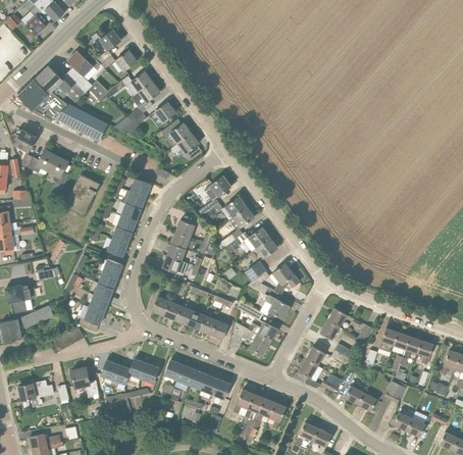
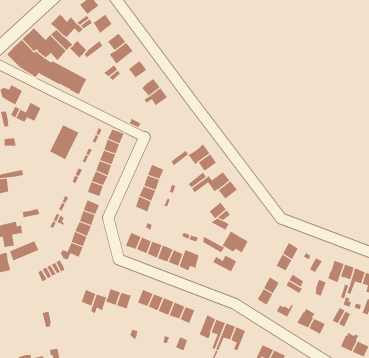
building: [49,156,68,193] -> none
building: [198,175,230,216] -> none
building: [272,263,299,295] -> none
building: [232,321,270,355] -> none
building: [70,367,98,398] -> none
building: [18,380,53,407] -> none

